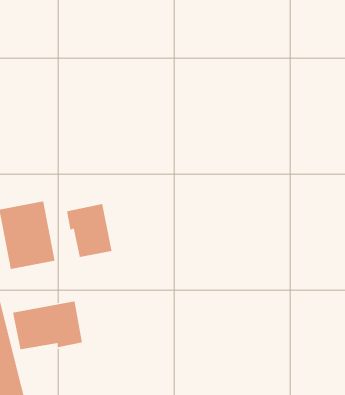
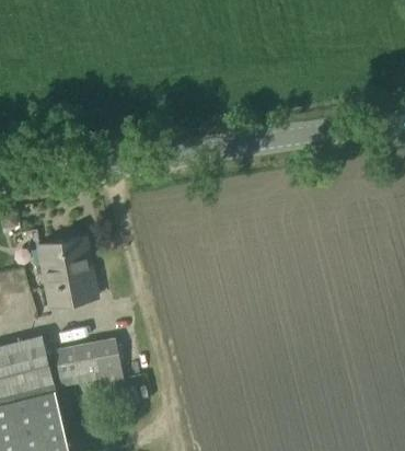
building: [66,203,112,258] -> none

